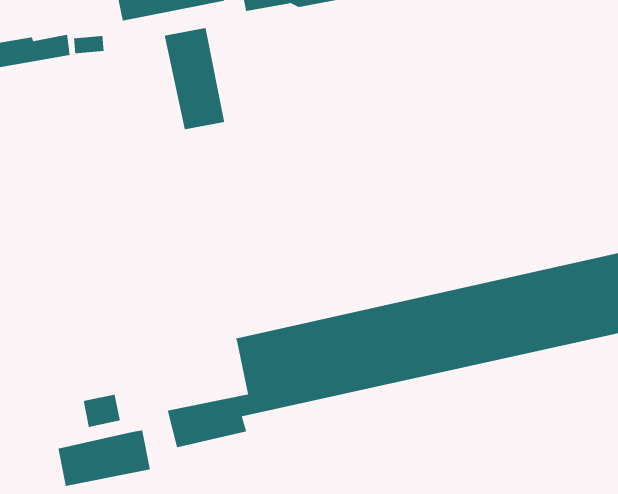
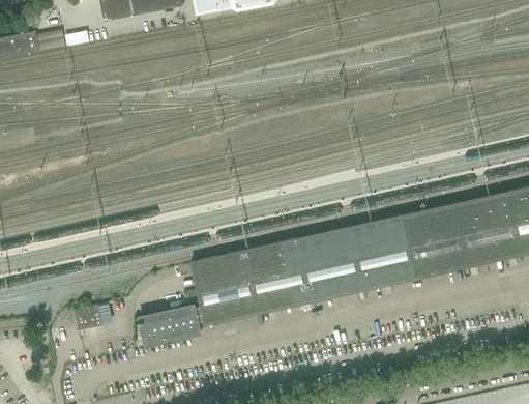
building: [164,27,225,130] -> none
building: [58,429,151,487] -> none

